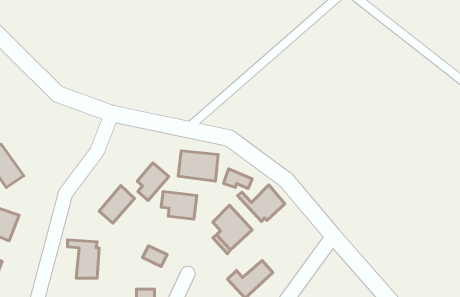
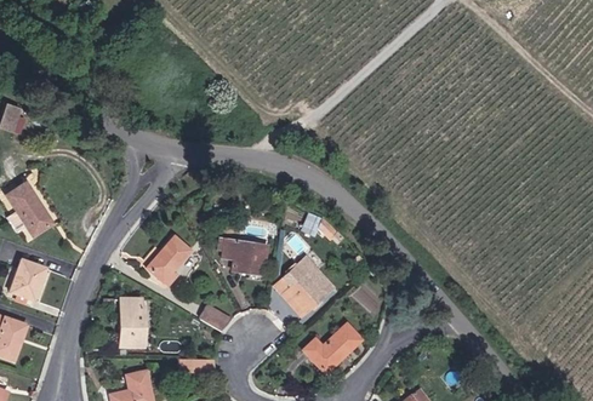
building: [178,151,218,181] -> none
building: [137,163,169,200] -> none
building: [237,185,285,222] -> none

